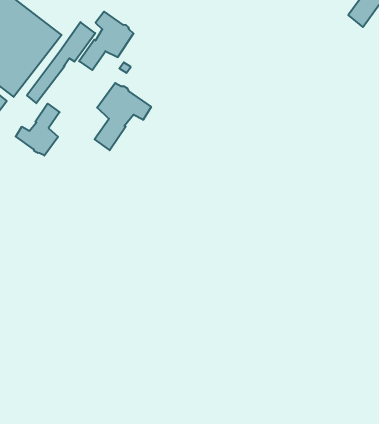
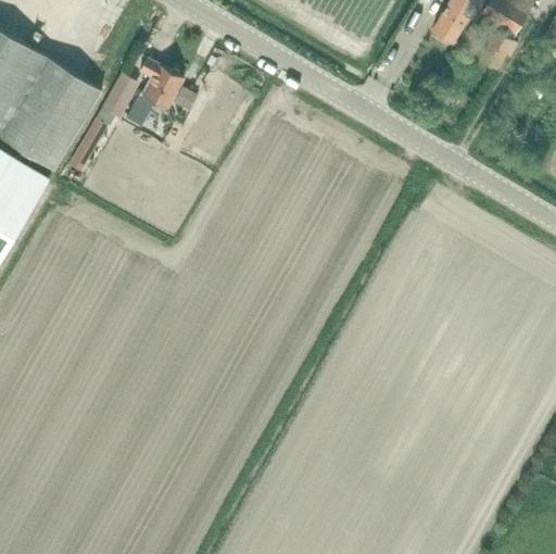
building: [95,83,151,150] -> none
building: [16,104,60,156] -> none

